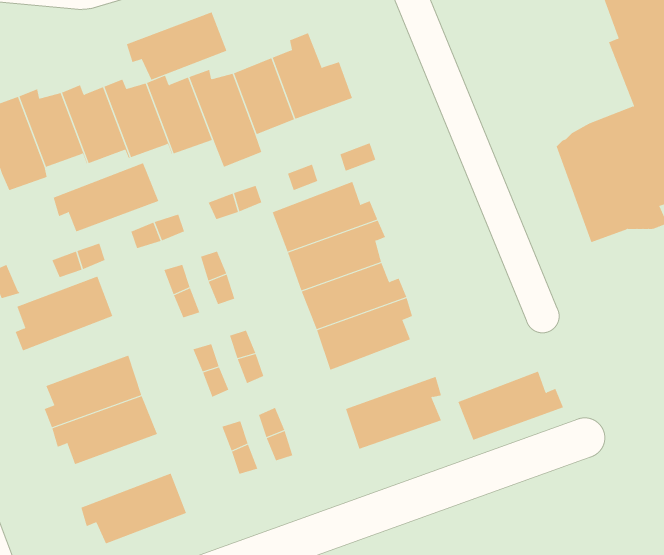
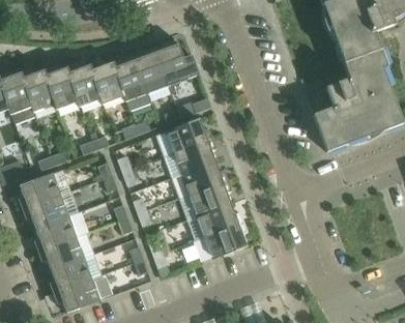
building: [126,12,227,80] -> none
building: [53,163,159,232] -> [22,190,79,228]
building: [457,371,564,440] -> [186,203,243,240]
building: none -> [49,254,102,293]

